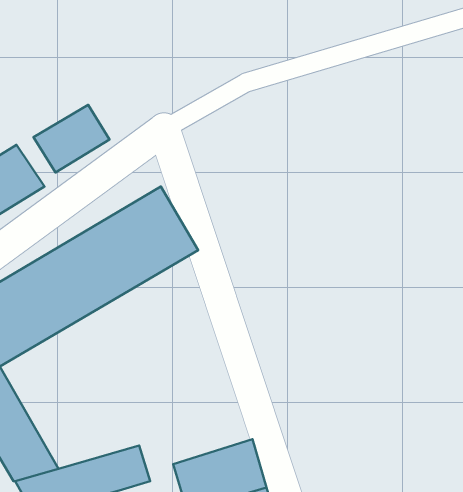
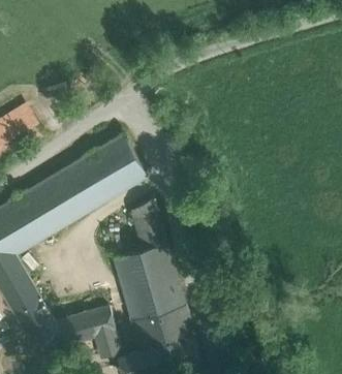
building: [34,105,109,173] -> none
building: none -> [113,198,183,319]

